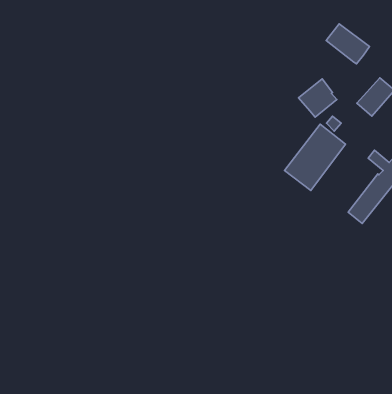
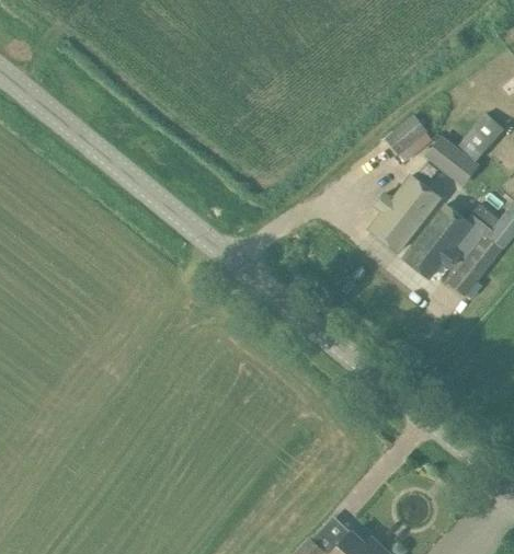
building: [326,24,370,64] -> [424,135,479,185]
building: none -> [407,203,476,279]

